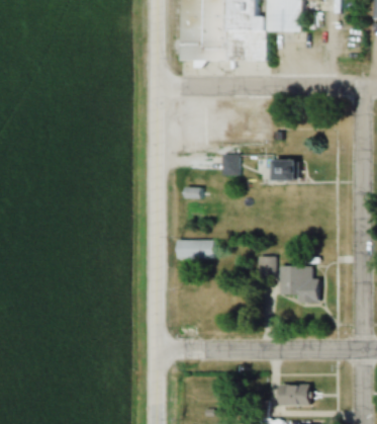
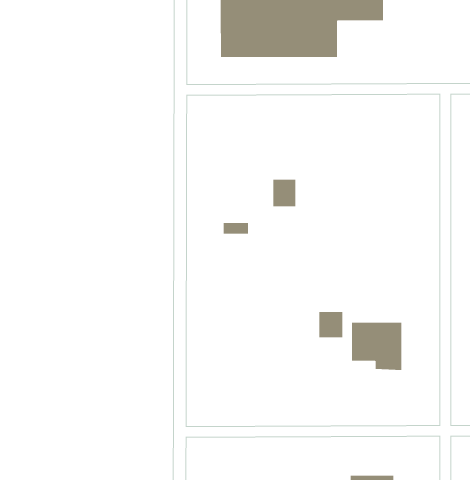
building: [270,161,303,181] -> none
building: [173,239,213,258] -> none

